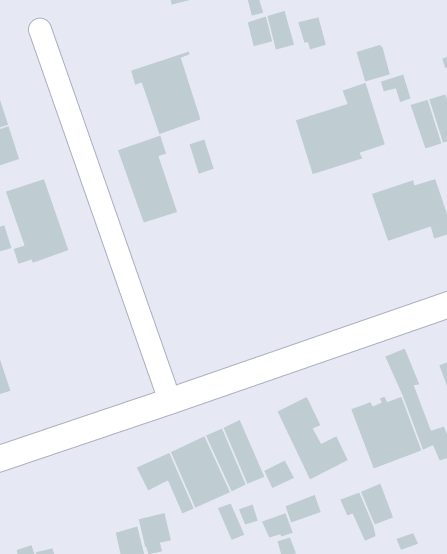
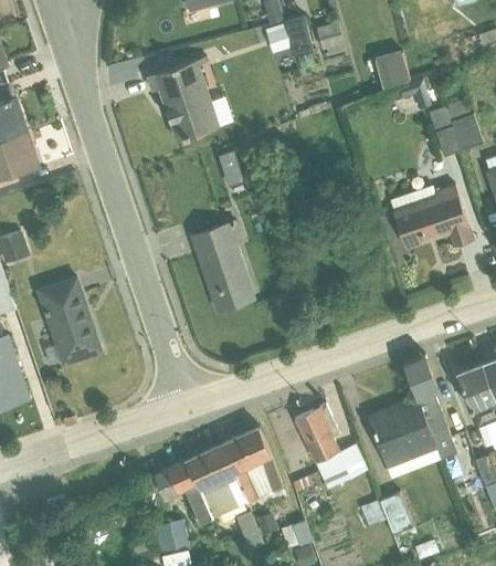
building: [295,82,386,175] -> none
building: [117,134,178,224] -> [192,221,254,311]
building: [5,178,70,265] -> [36,277,102,365]
building: [284,494,322,524] -> none

